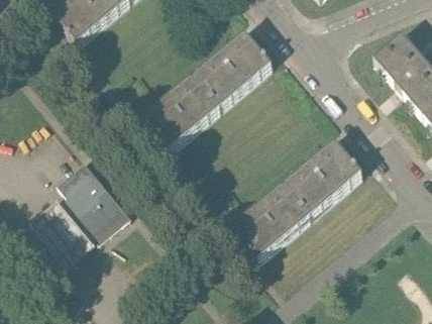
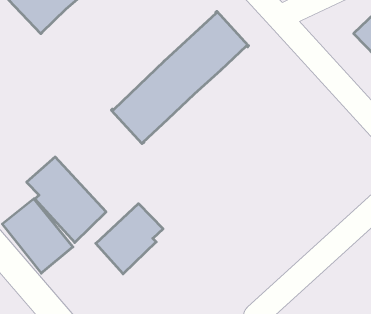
building: [229,137,363,257] -> none
building: none -> [96,204,163,274]

